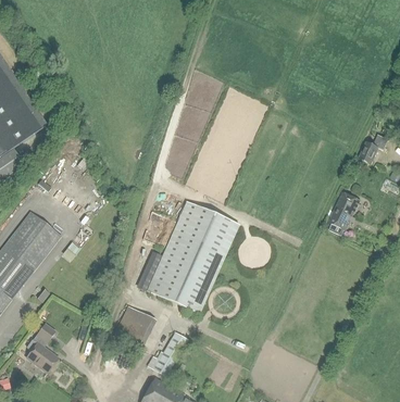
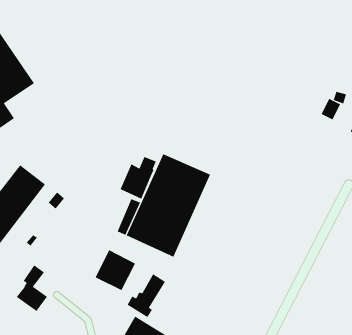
building: [328,191,360,234] -> none
building: none -> [120,156,157,199]

